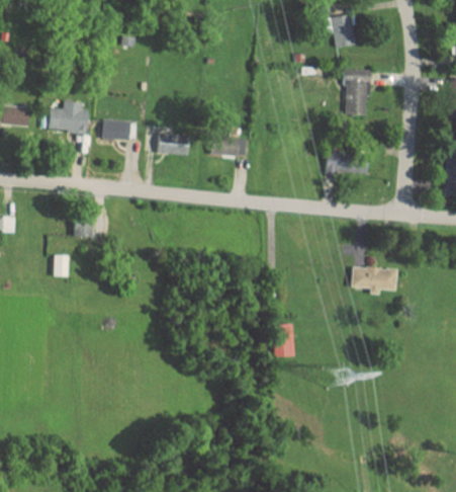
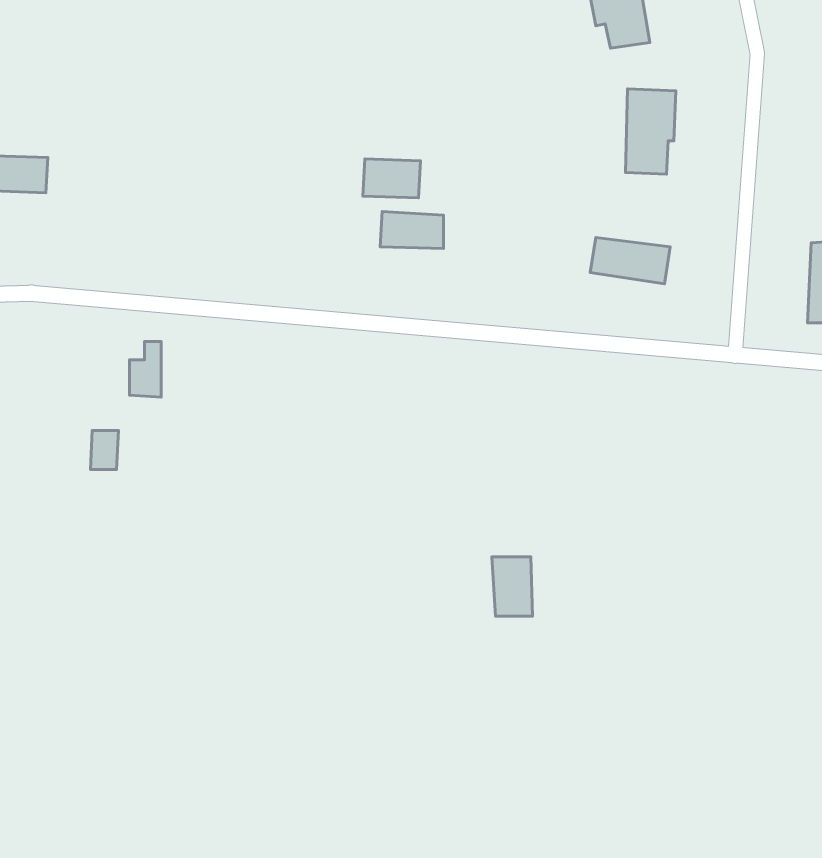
building: [49,101,88,132] -> none
building: [103,119,136,139] -> none
building: [158,134,189,155] -> [363,159,420,198]
building: [352,266,396,292] -> none

